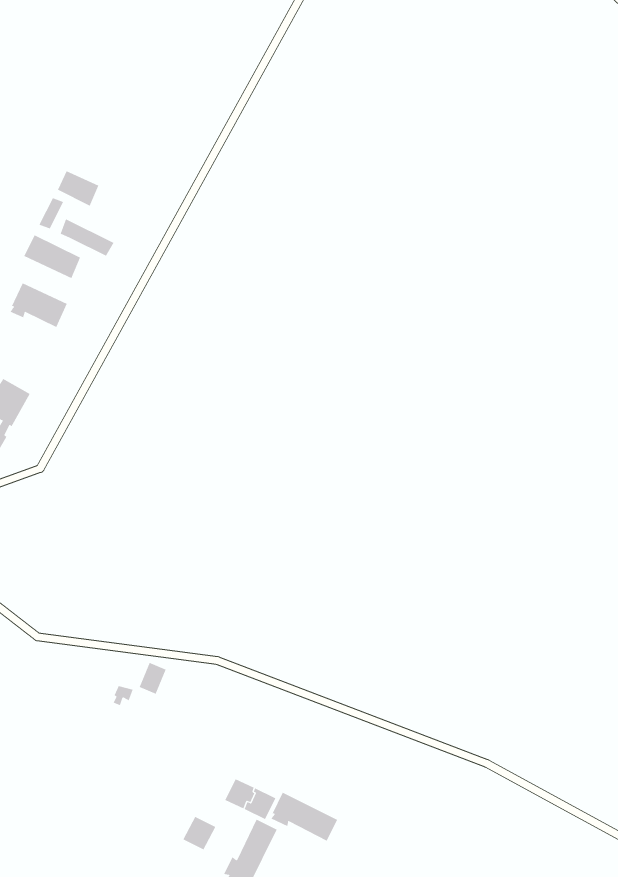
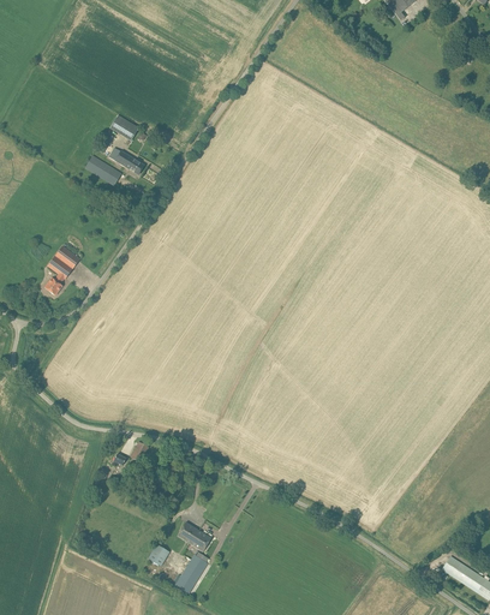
building: [10,282,68,328] -> none
building: [270,792,338,841] -> none

